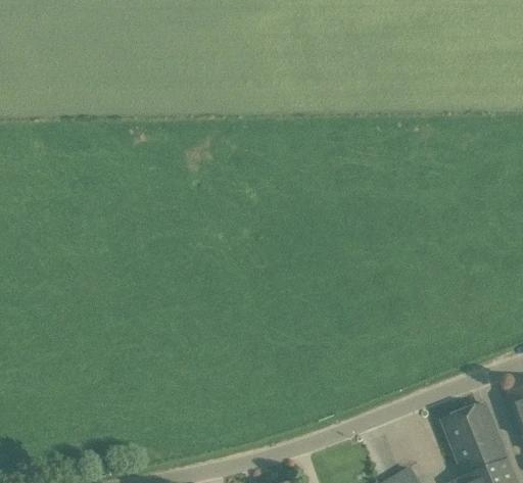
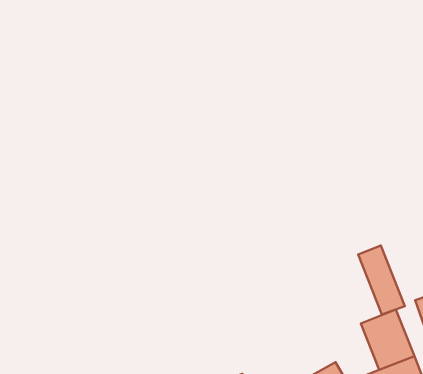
building: none -> [358,246,405,314]

